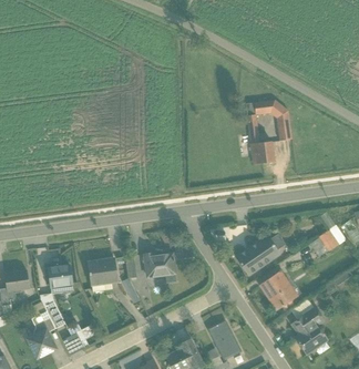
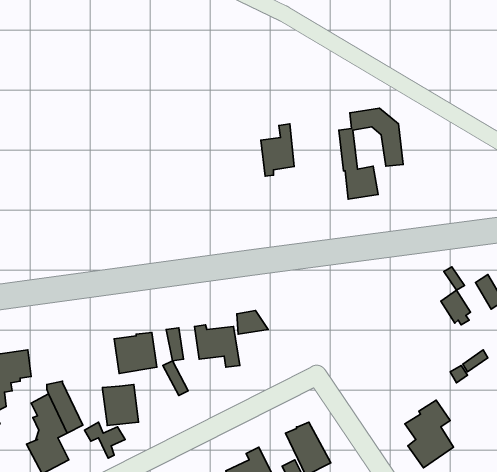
building: none -> [261,124,294,176]
building: [234,233,285,277] -> none
building: [48,265,73,294] -> [102,385,138,425]
building: [259,270,298,310] -> none

